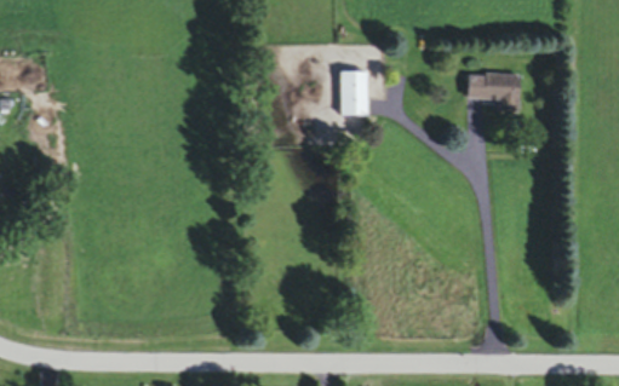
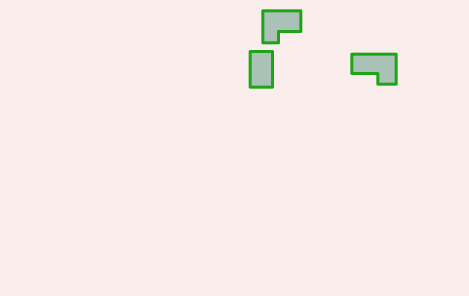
building: none -> [263,11,301,43]

